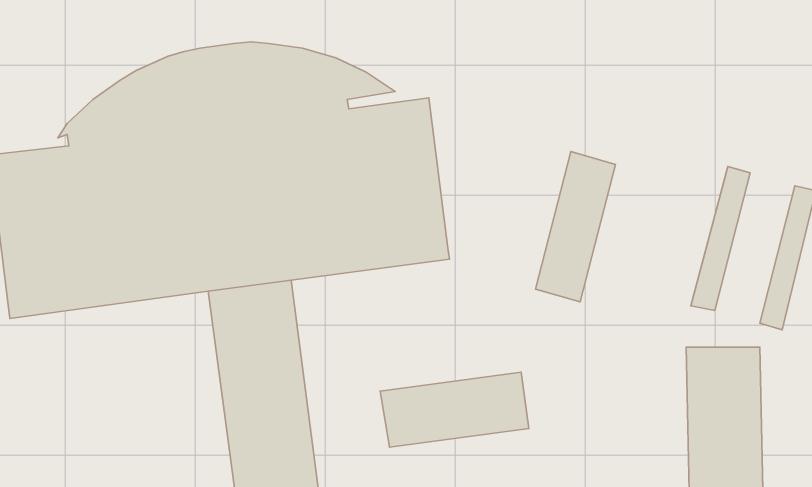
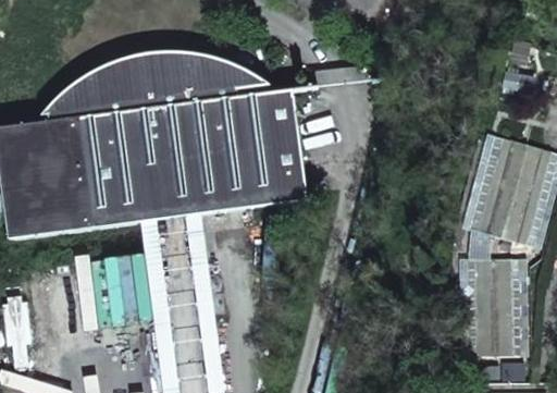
building: [536,152,615,302] -> [487,139,542,242]
building: [380,372,529,447] -> none

